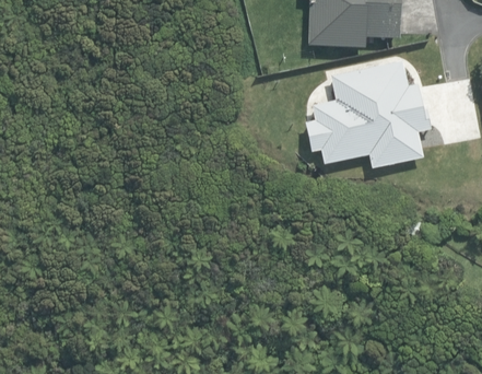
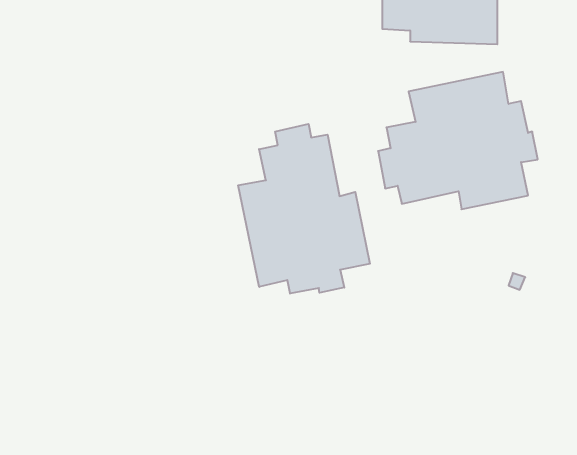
building: none -> [238,124,370,294]

